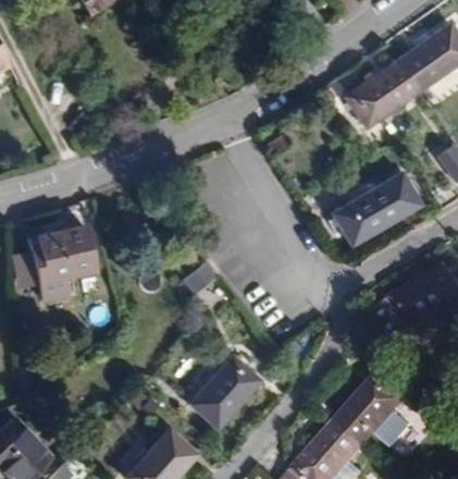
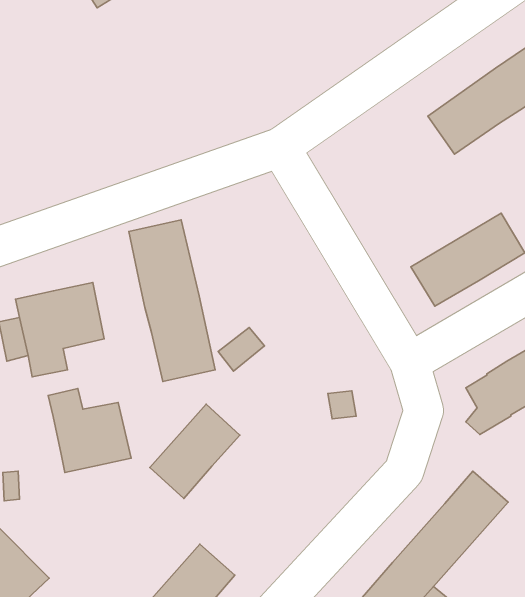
building: none -> [129,220,215,381]
building: none -> [48,388,131,473]
building: [190,355,260,428] -> [150,404,240,499]

